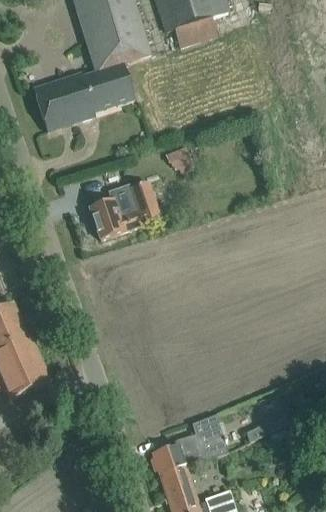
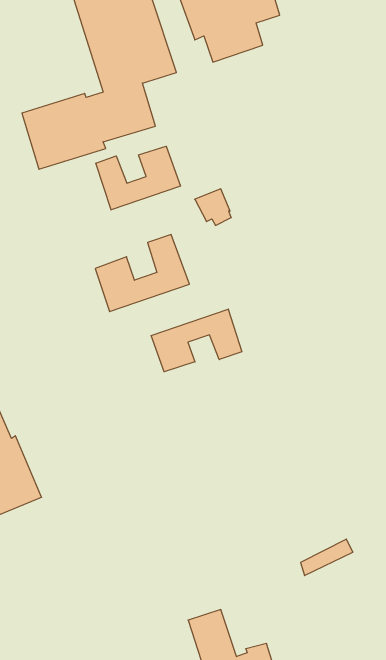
building: none -> [96,146,180,210]
building: none -> [151,309,242,372]
building: [150,414,226,475] -> none

